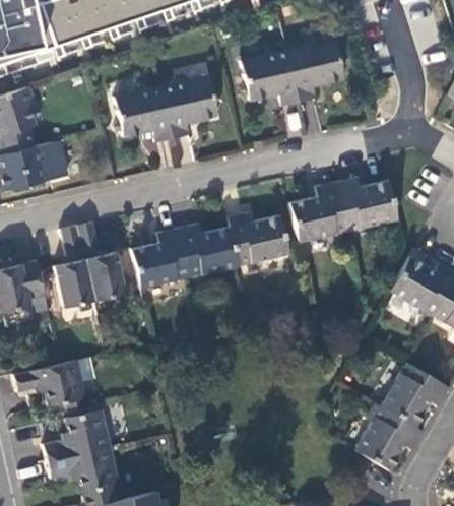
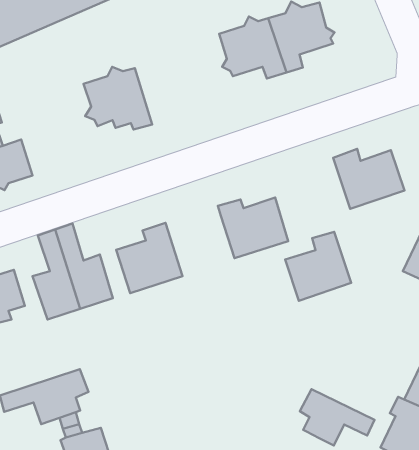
building: [163,72,220,137] -> none
building: [288,182,346,242] -> [285,232,351,301]
building: [178,224,238,277] -> none
building: none -> [300,389,374,445]

